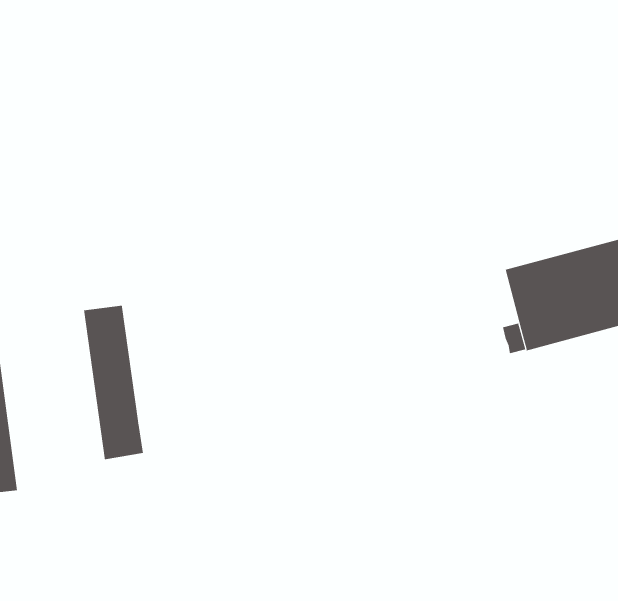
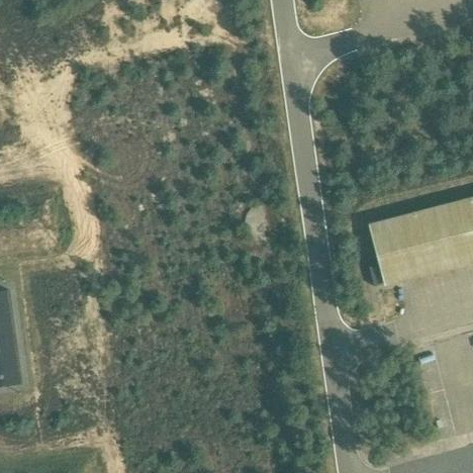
building: [84,305,144,460] -> none

